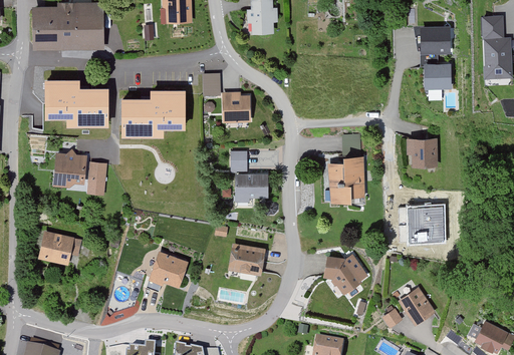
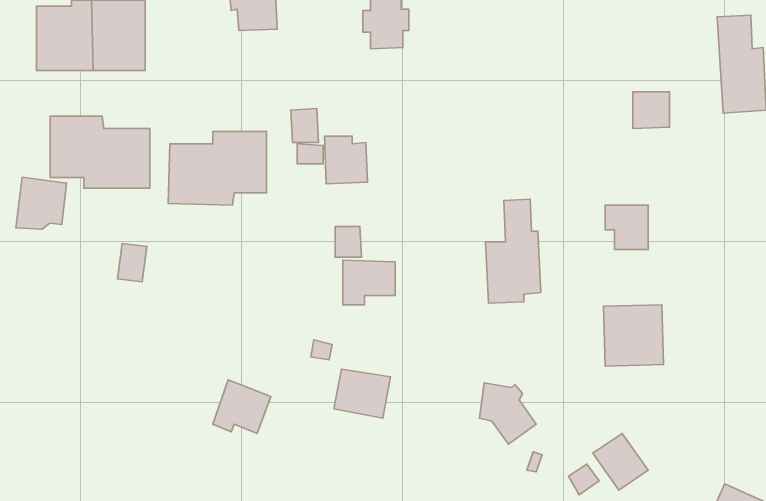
building: [420,24,450,51] -> none
building: [53,153,86,188] -> [16,177,67,229]
building: [38,231,81,266] -> none

